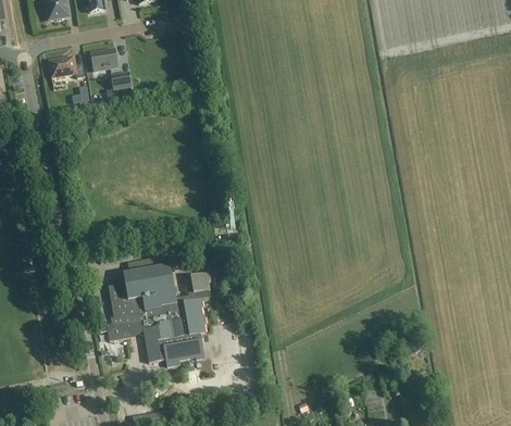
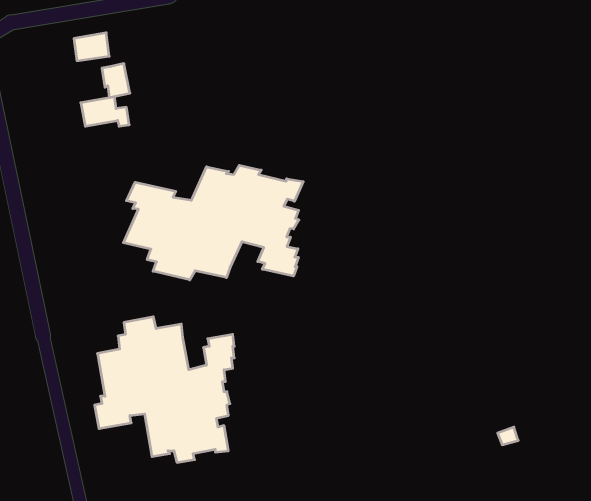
building: [48,55,84,77] -> [81,97,129,126]
building: none -> [123,165,303,280]

